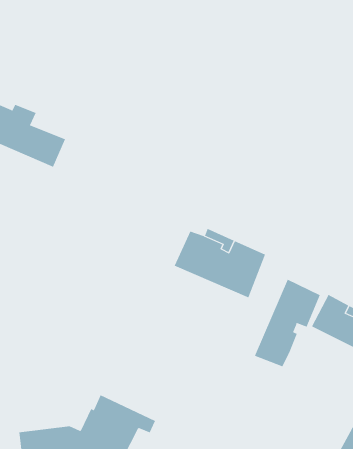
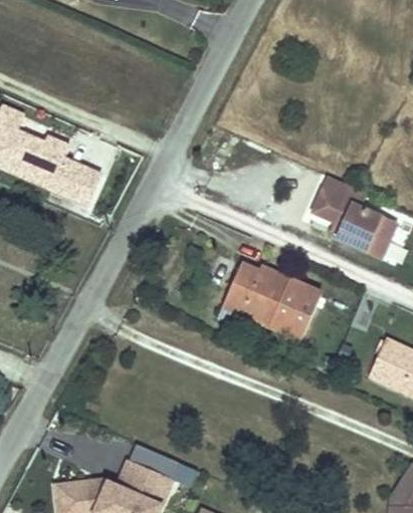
building: none -> [304,180,389,255]
building: [254,279,320,367] -> none

